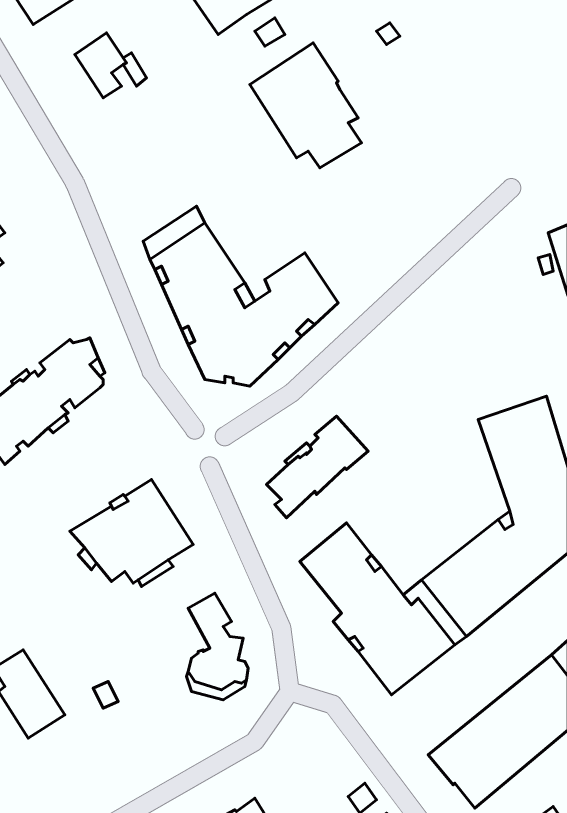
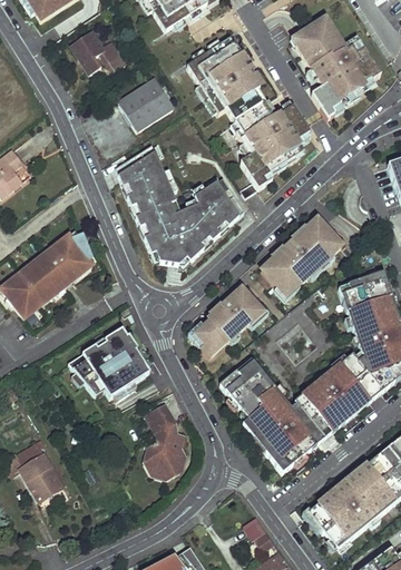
building: none -> [293,19,382,118]
building: none -> [117,78,172,129]
building: none -> [234,101,310,196]
building: none -> [265,216,345,292]

